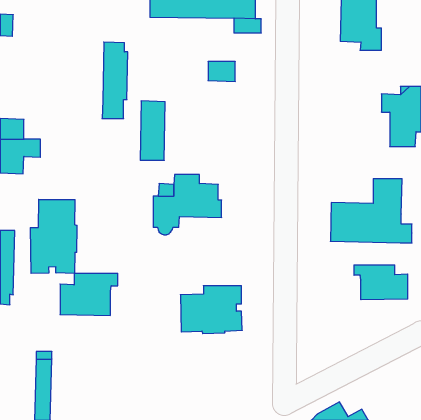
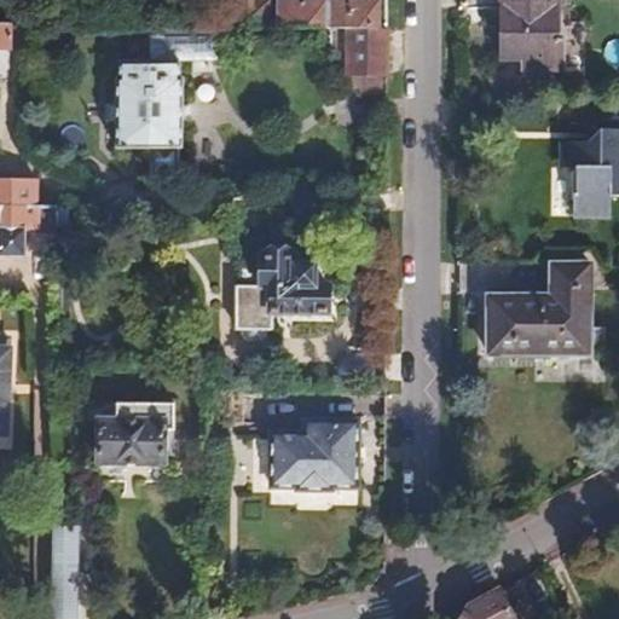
building: [208,62,235,81] -> [343,48,383,77]
building: [140,101,165,160] -> [116,60,152,147]
building: [30,199,77,273] -> none
building: [354,265,408,300] -> none

